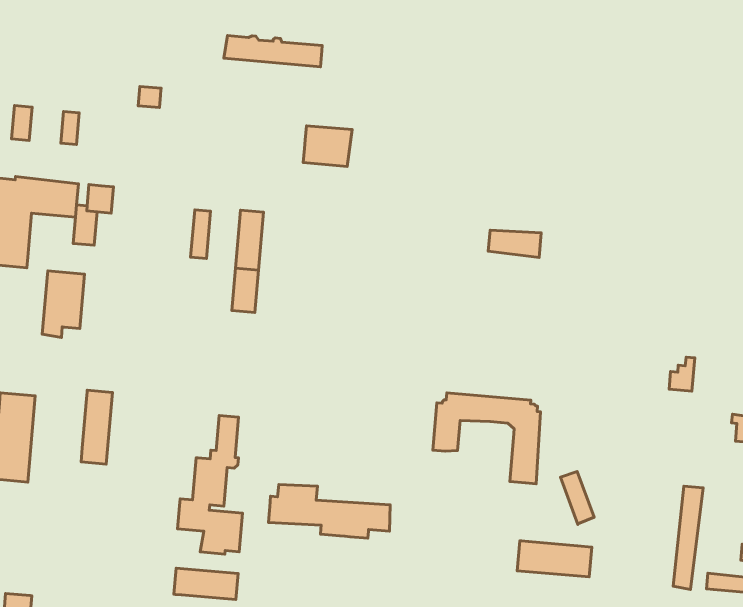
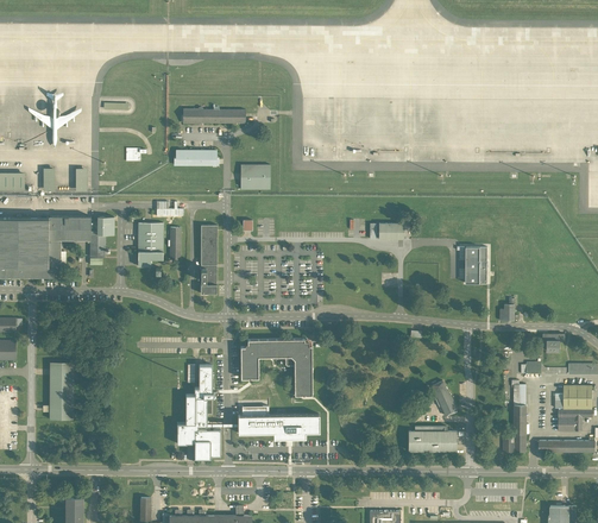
building: none -> [170,150,216,166]
building: [42,271,85,337] -> [137,222,162,266]
building: none -> [465,246,486,283]
building: [81,390,112,464] -> none
building: [433,393,541,484] -> [240,339,311,395]
building: [174,568,238,600] -> none

